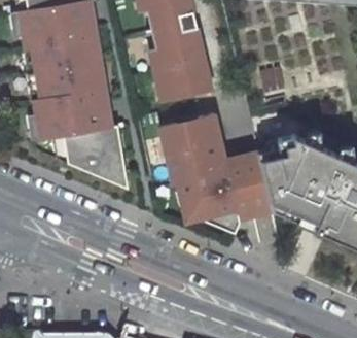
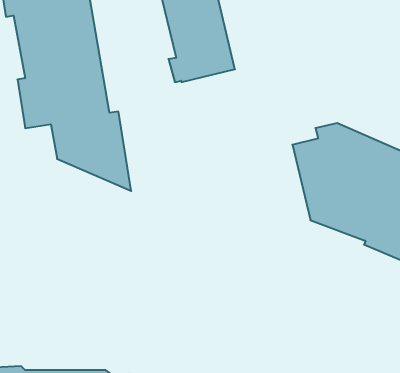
building: [160,114,273,232] -> none

